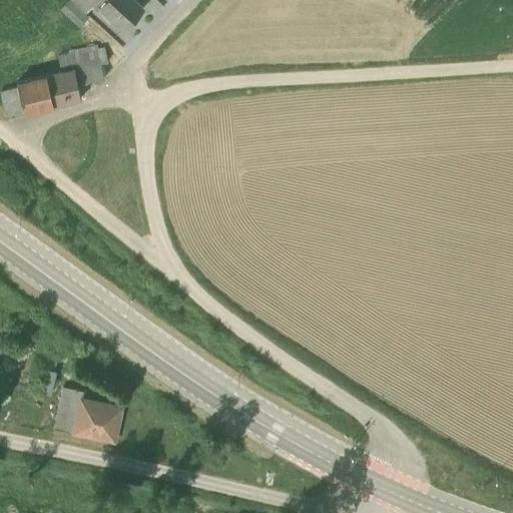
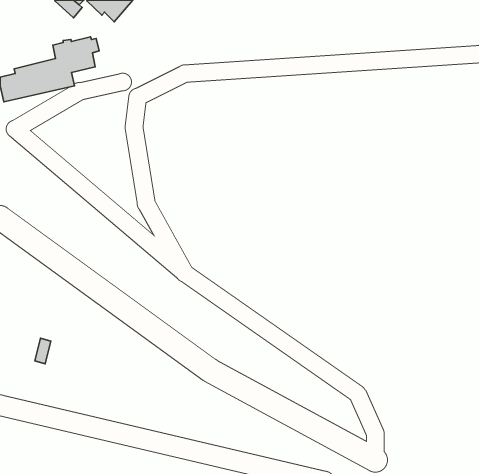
building: [55,386,122,441] -> none

